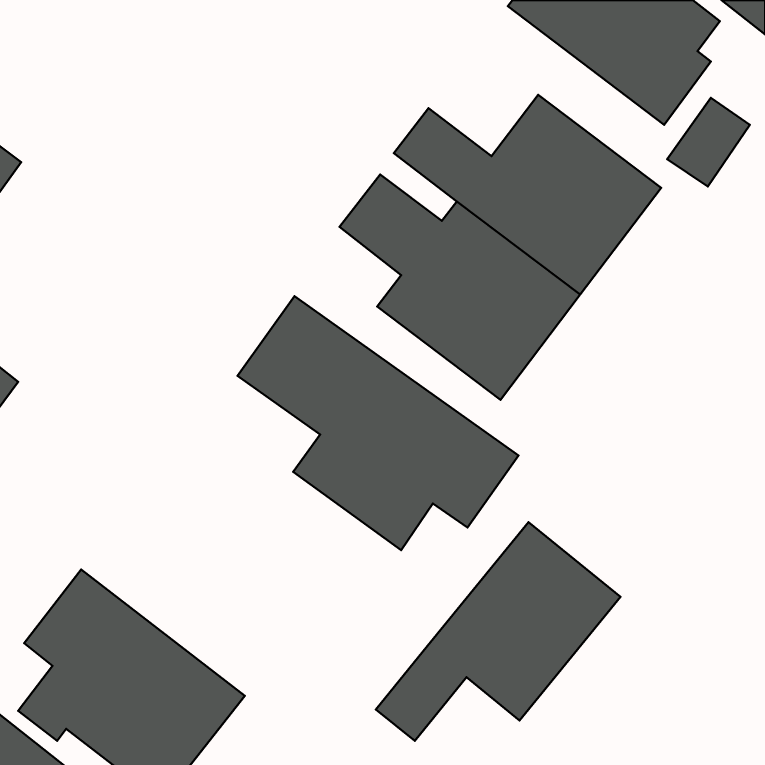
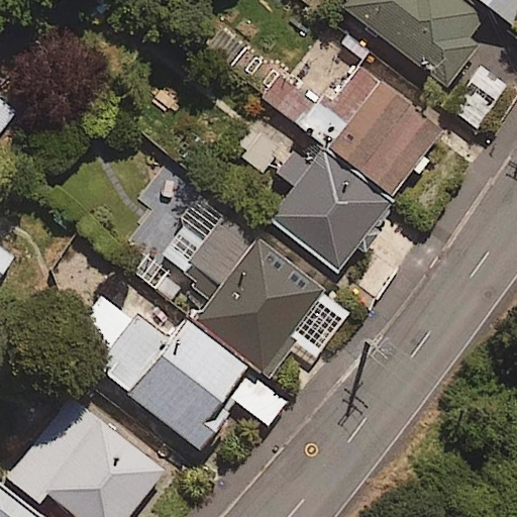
building: none -> [67,288,289,448]
building: [376,522,620,741] -> none

